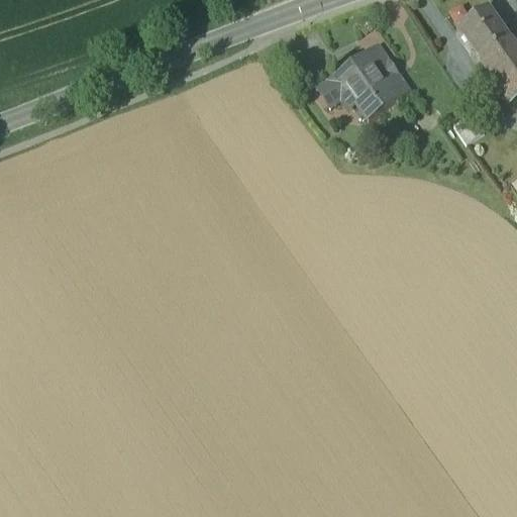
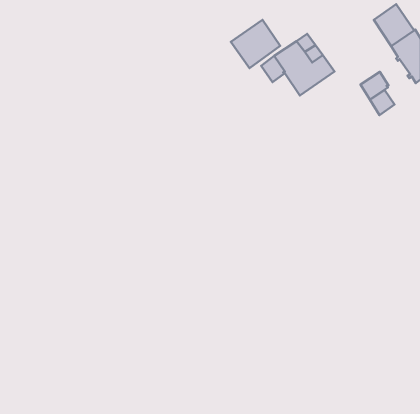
building: none -> [231,20,280,68]
building: none -> [361,72,388,100]

